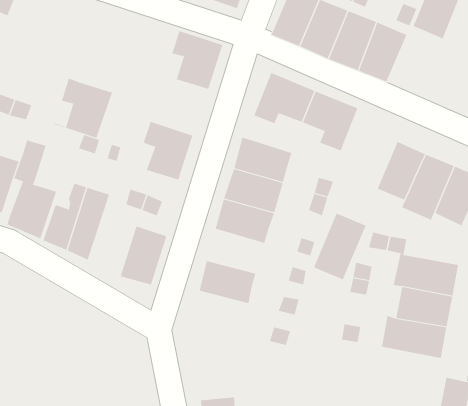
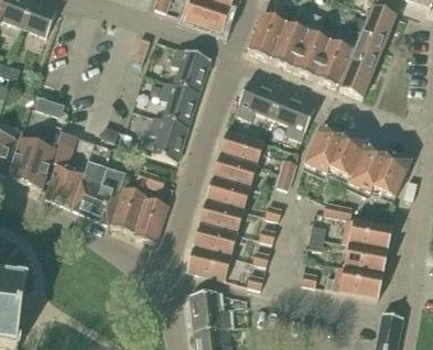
building: none -> [339,44,380,98]
building: [54,78,113,138] -> [155,81,201,128]
building: none -> [110,186,145,232]
building: [313,213,366,280] -> [304,122,345,174]
building: none -> [198,199,243,233]
building: none -> [186,247,231,280]
building: none -> [190,292,229,330]

